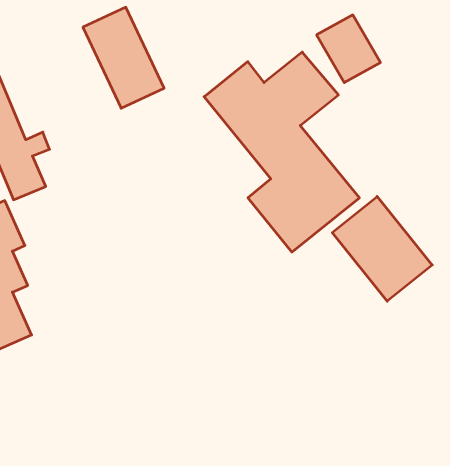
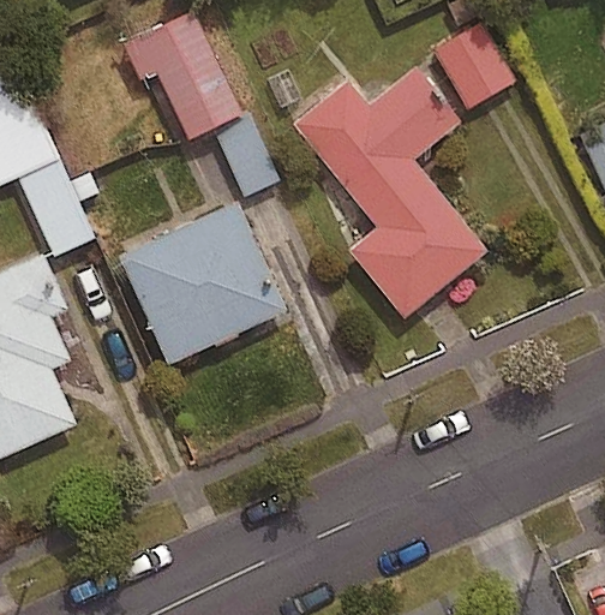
building: none -> [116,203,284,365]
building: [332,196,432,301] -> none

